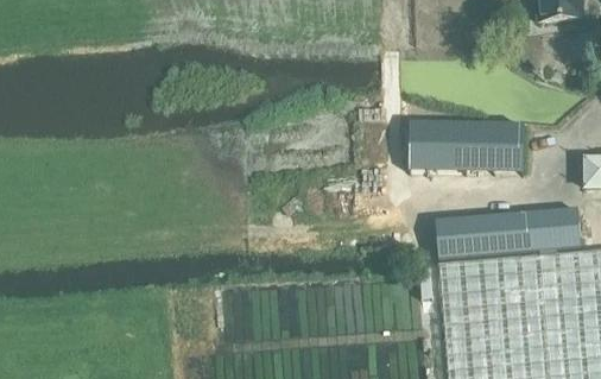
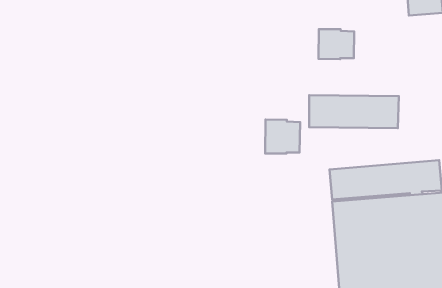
building: none -> [318,29,354,59]
building: none -> [265,120,300,154]

